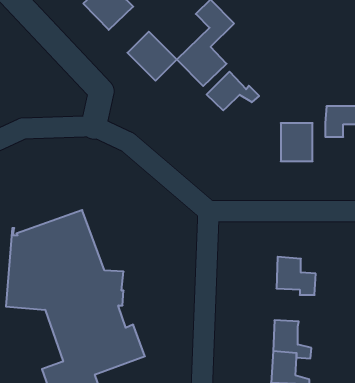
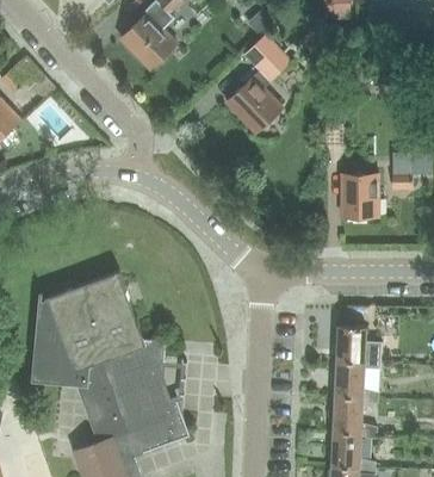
building: [127,32,177,81] -> none
building: [207,72,259,110] -> none
building: none -> [334,359,377,402]

